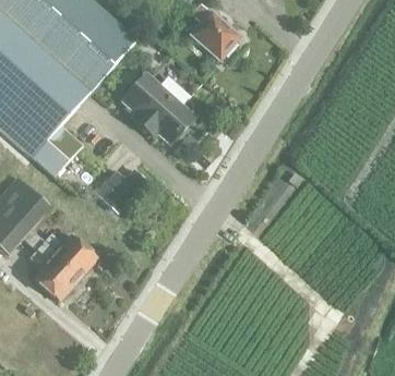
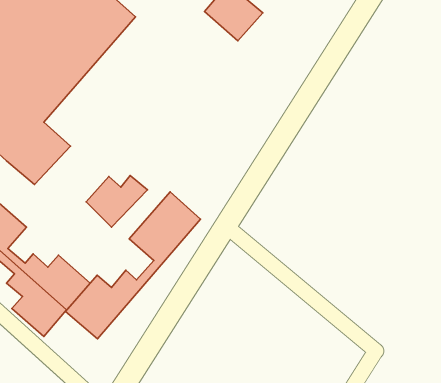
building: [121,73,194,143] -> none
building: none -> [65,192,201,339]

